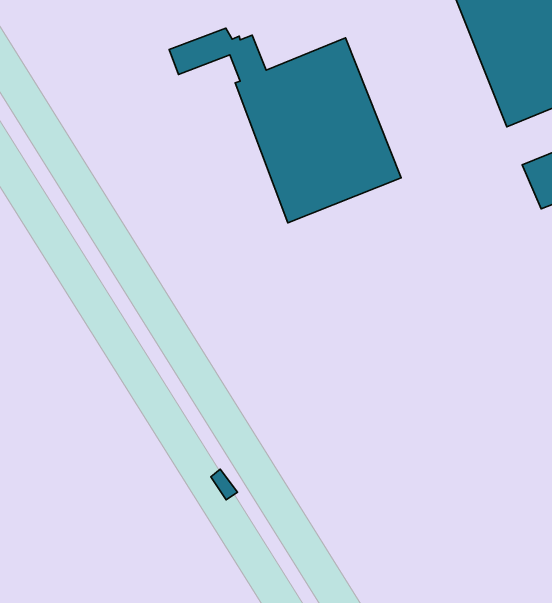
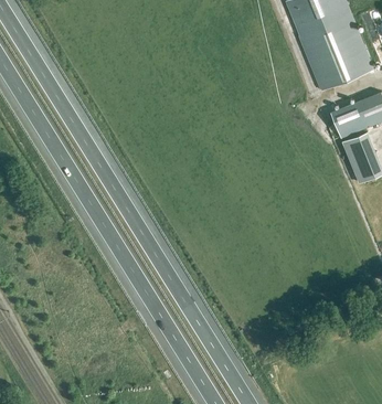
building: [169,28,401,223] -> none

